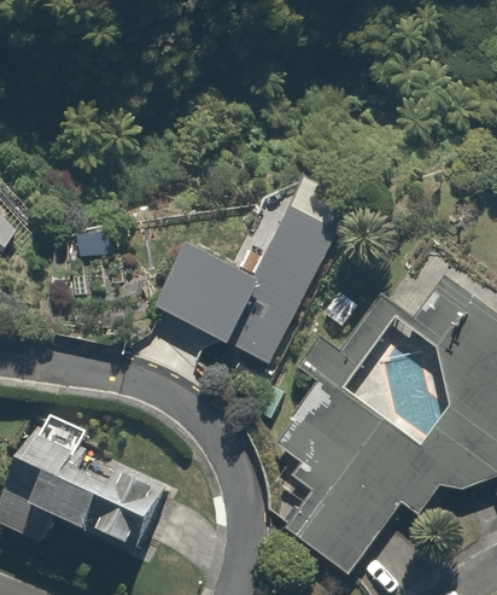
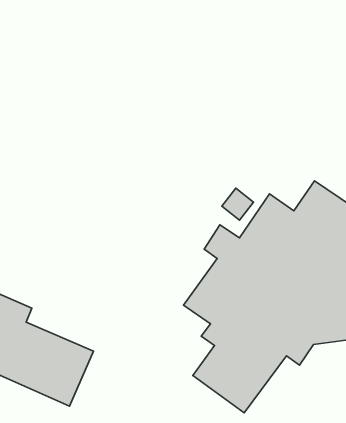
building: [154,159,362,373] -> none

